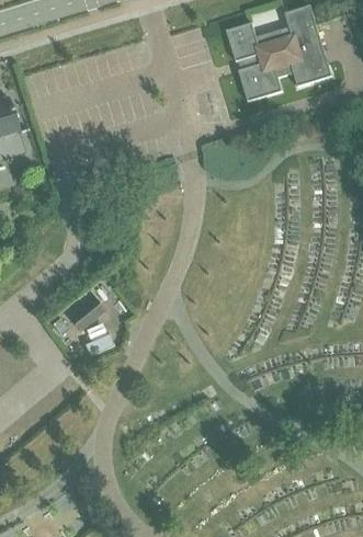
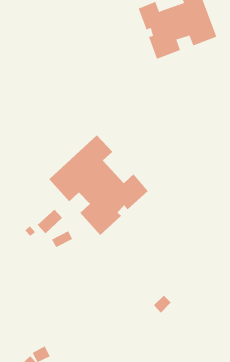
building: none -> [49,134,149,236]

